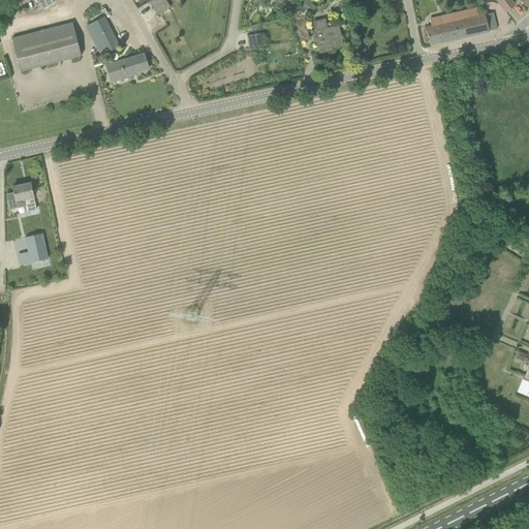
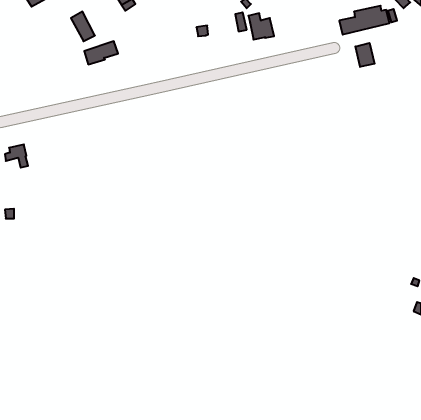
building: [13,29,81,70] -> none
building: none -> [355,43,375,67]
building: [25,231,46,261] -> none

